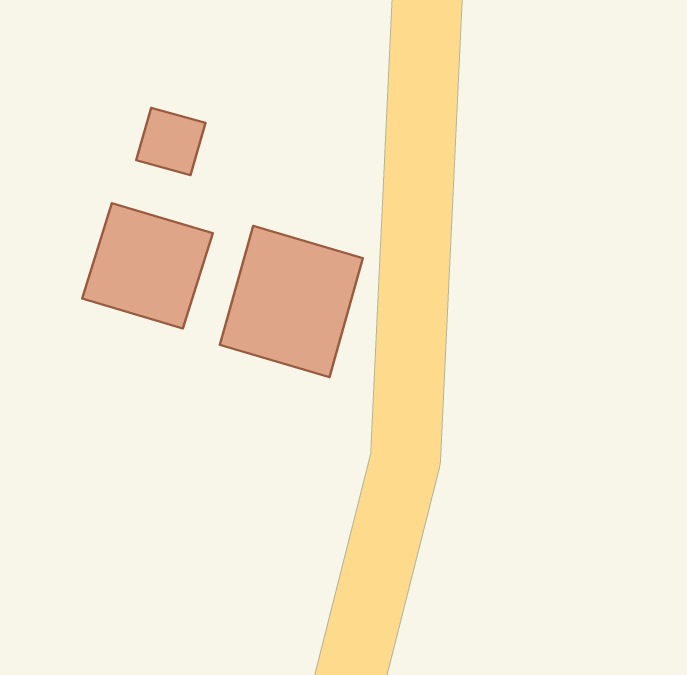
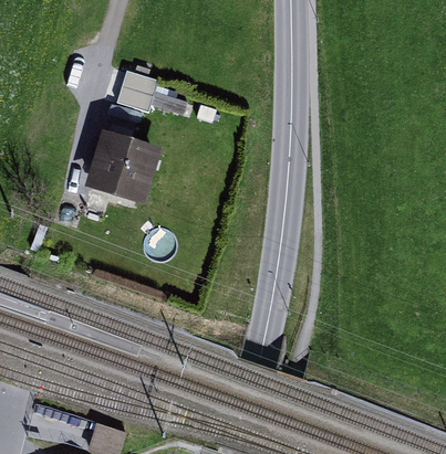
building: [220,226,363,377] -> none

